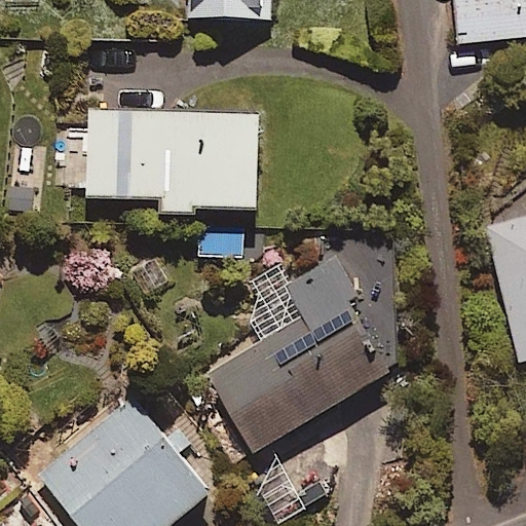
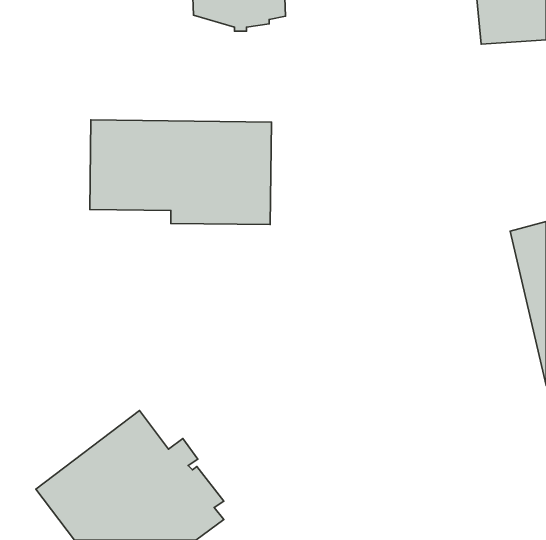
building: [206,255,393,451] -> none

